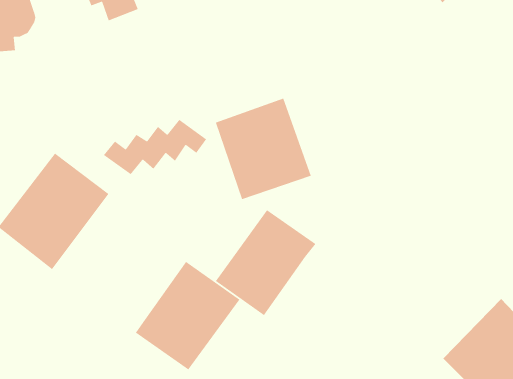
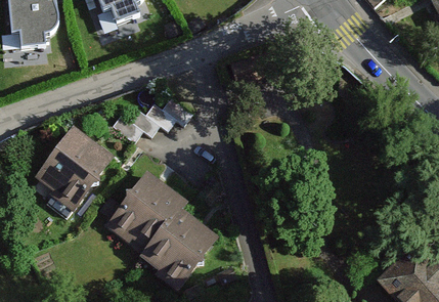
building: [215,97,312,200] -> none
building: [215,209,316,316] -> [106,169,184,251]

